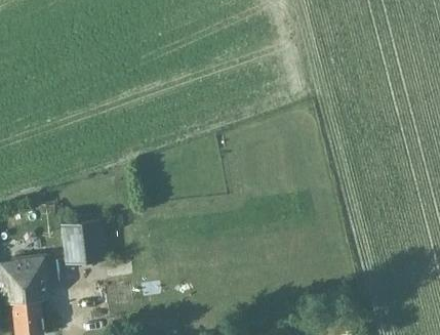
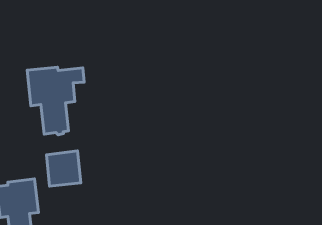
building: none -> [27,67,84,135]

